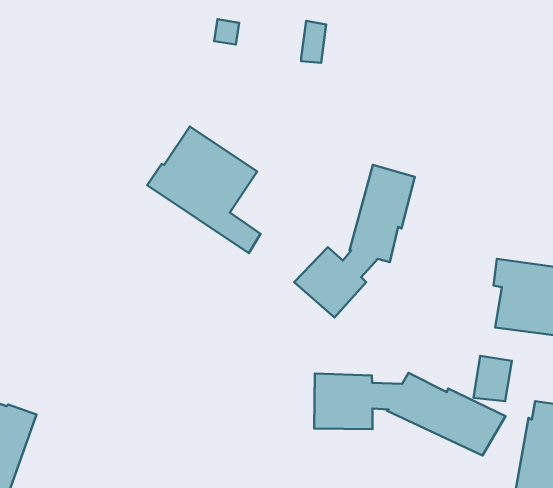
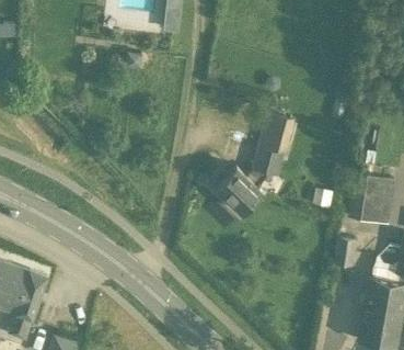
building: [147,126,260,253] -> none
building: [314,373,506,455] -> none

